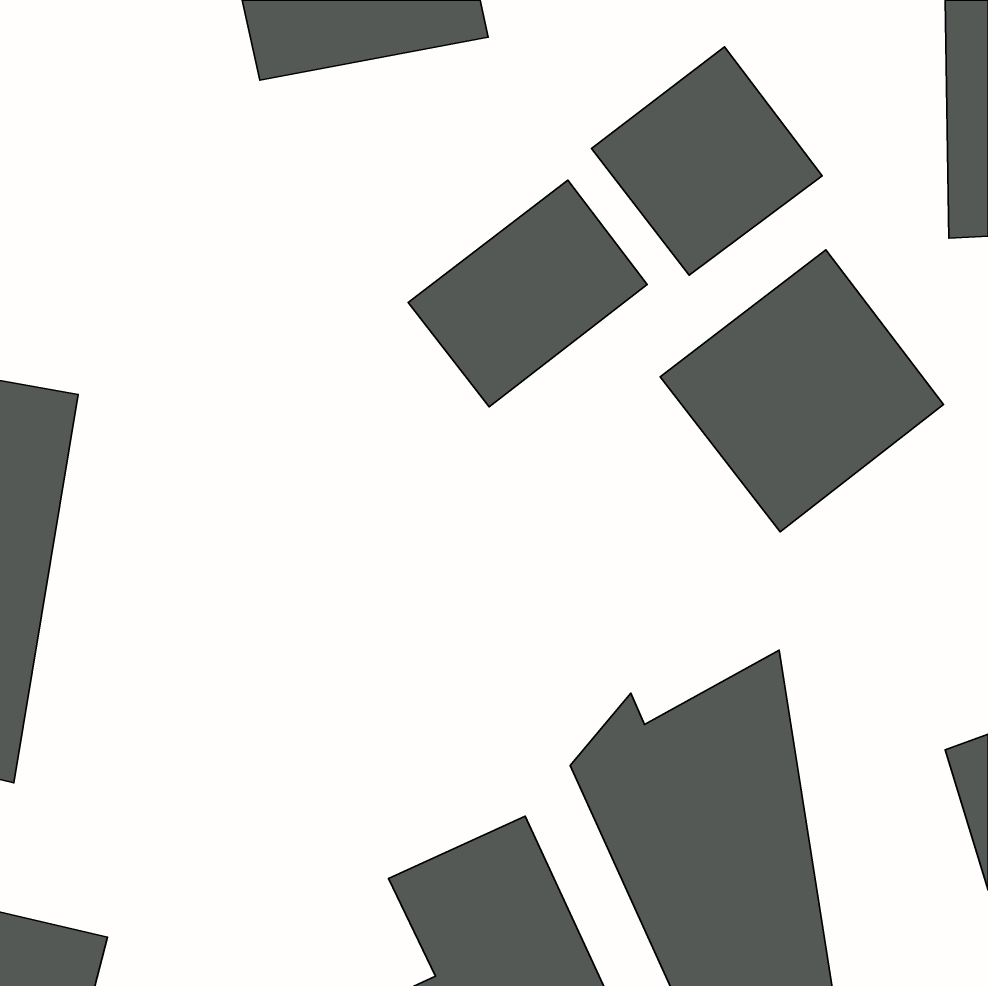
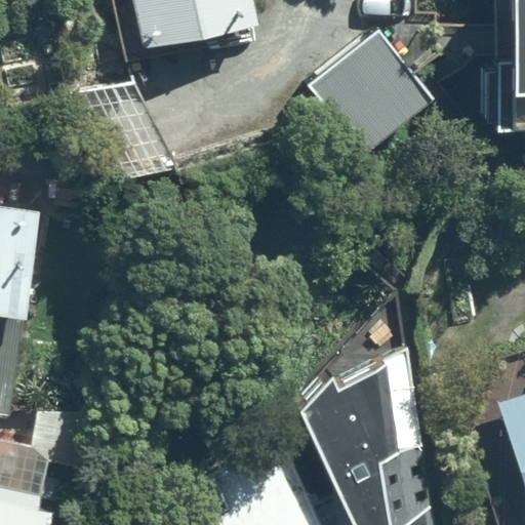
building: [408,180,647,407] -> none
building: [660,250,943,532] -> none

